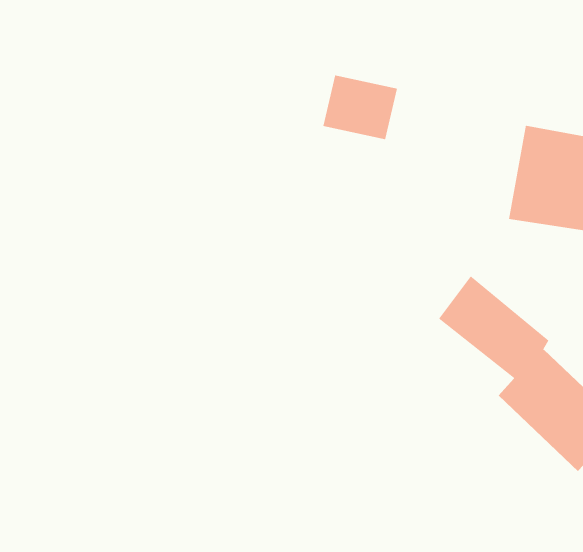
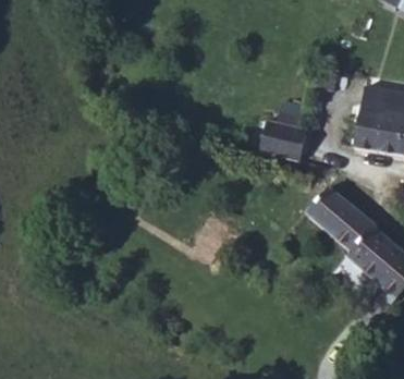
building: [323,75,398,140] -> [260,119,308,160]

